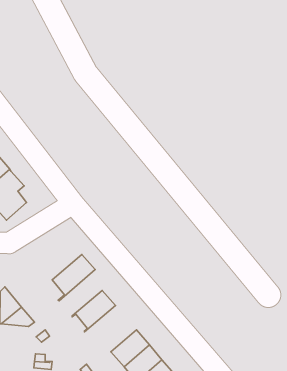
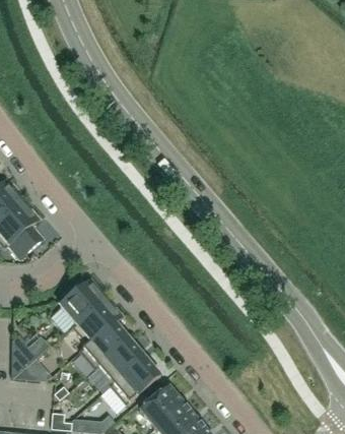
building: none -> [60,278,107,326]
building: none -> [80,314,130,368]
building: none -> [110,356,160,404]

